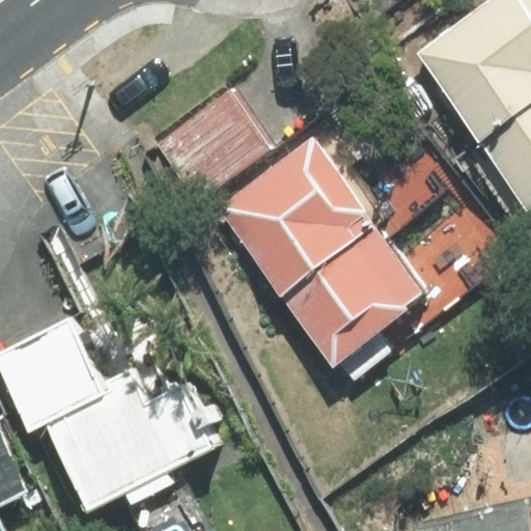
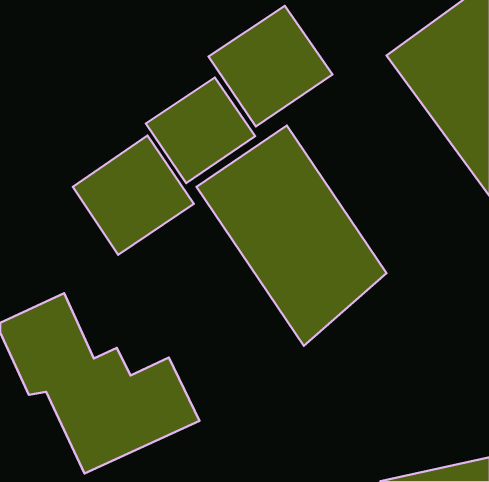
building: none -> [209,6,332,126]
building: none -> [73,136,194,255]

